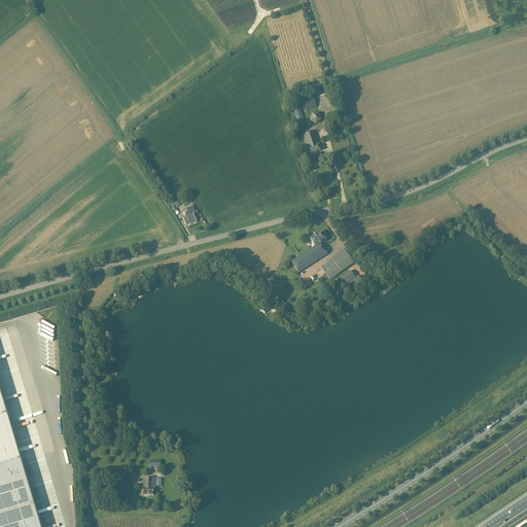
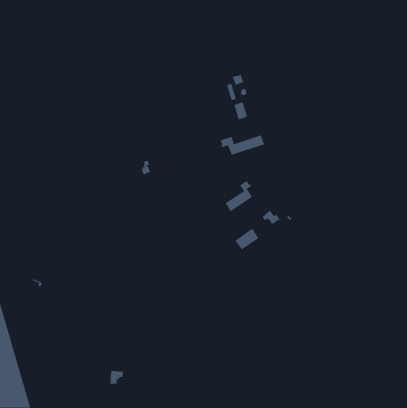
building: none -> [220,134,265,155]
building: [319,250,351,279] -> [234,228,259,250]

